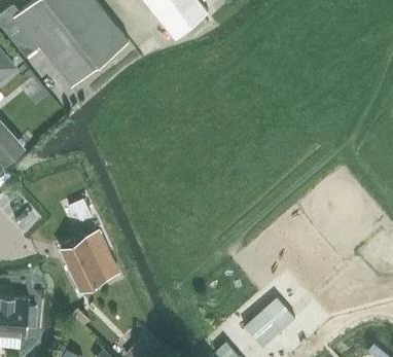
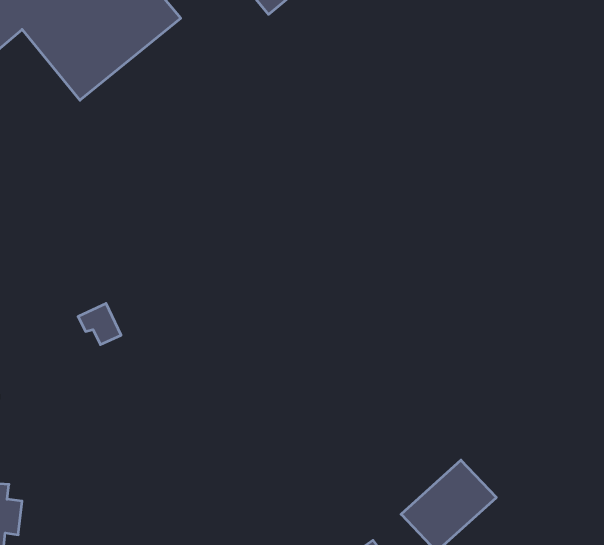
building: [60,230,110,293] -> none

